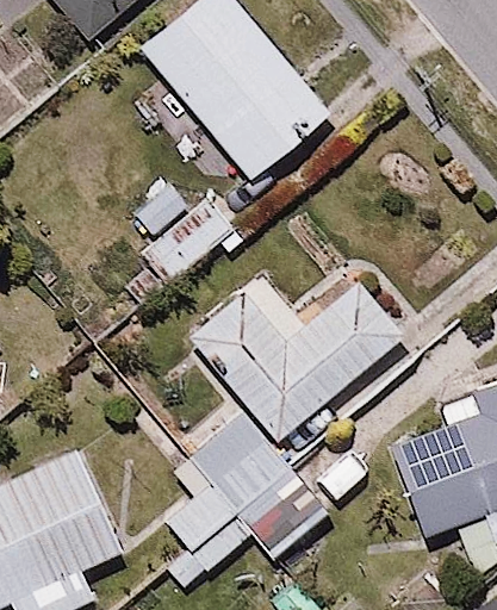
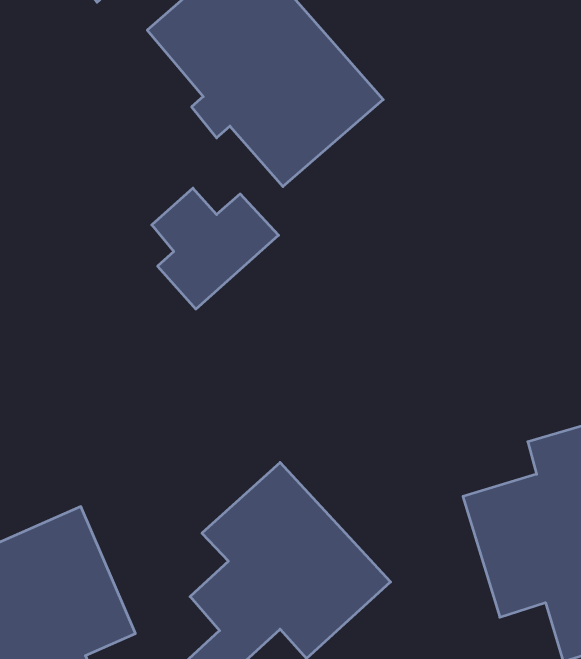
building: [187,270,408,441] -> none

